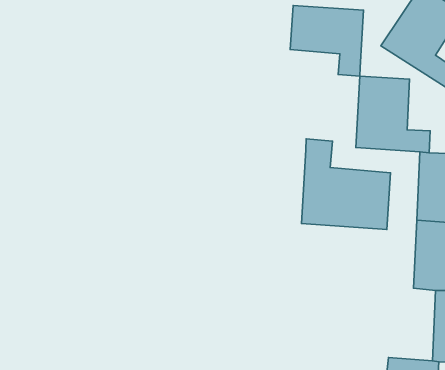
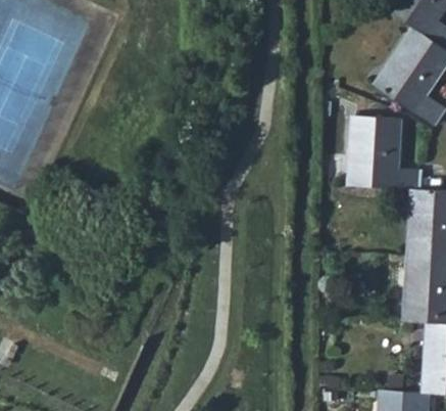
building: [290,5,364,76] -> none
building: [301,139,390,229] -> none

